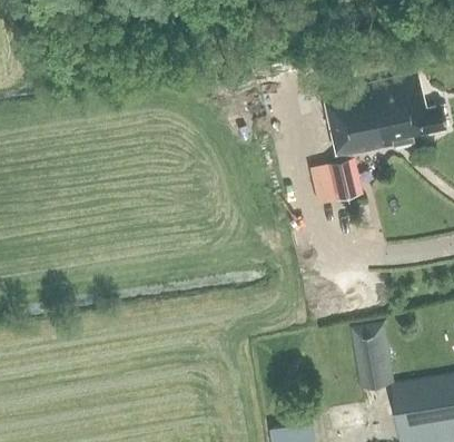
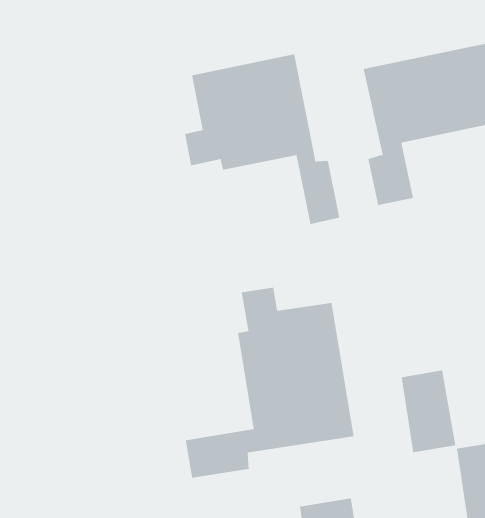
building: none -> [184,53,340,225]
building: none -> [185,287,354,478]

